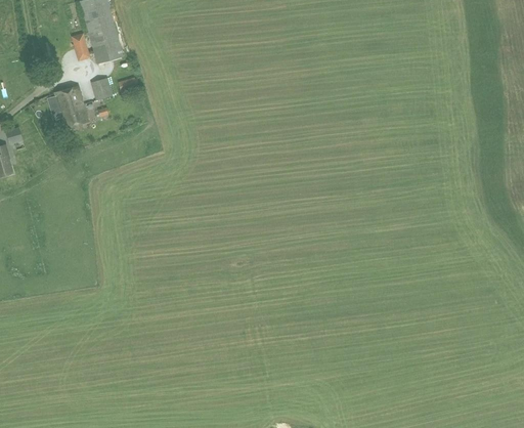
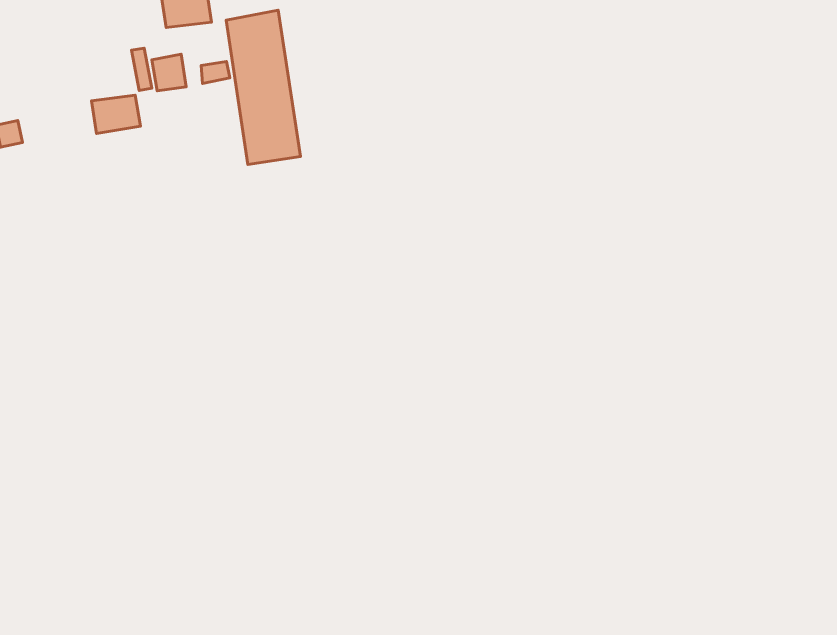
building: none -> [226,10,301,164]
building: [55,86,84,111] -> none

